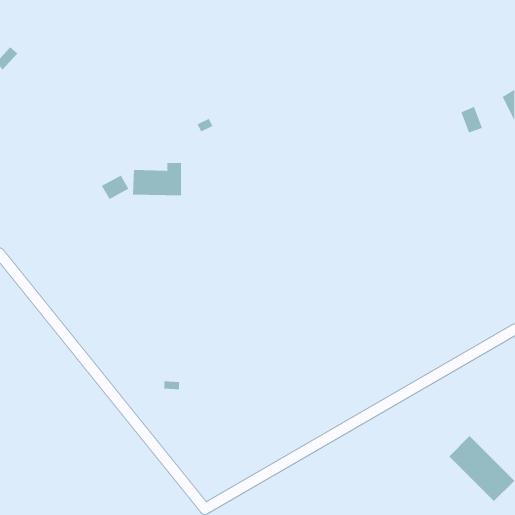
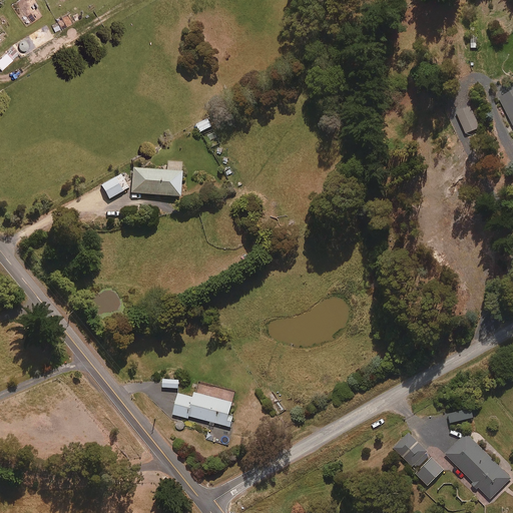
building: none -> [172,392,232,427]
building: none -> [394,433,443,485]

